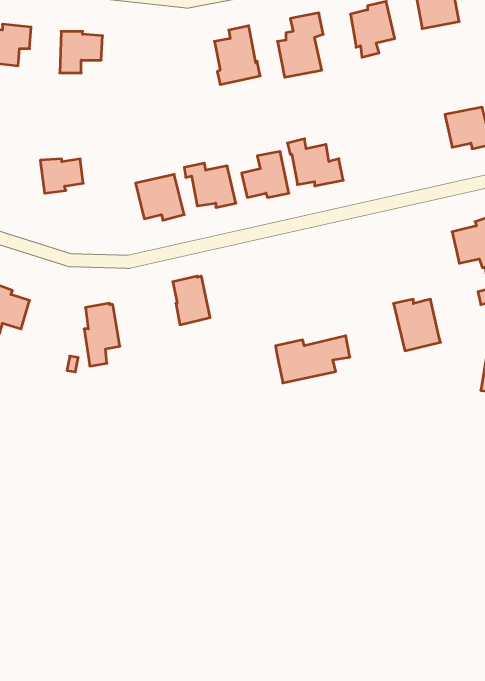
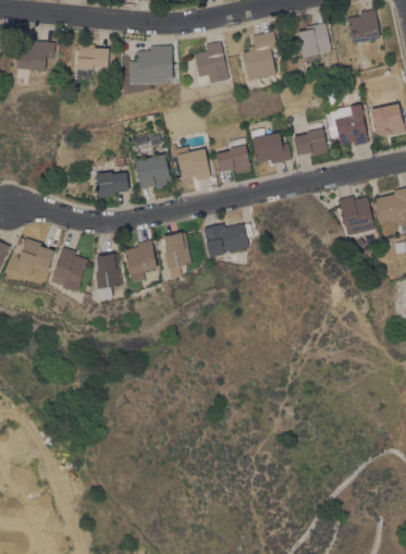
building: none -> [128,46,173,85]
building: none -> [327,104,368,145]
building: none -> [292,121,327,156]
building: [40,159,83,193] -> [95,172,127,198]
building: none -> [124,239,157,274]
building: none -> [51,247,87,292]
building: [393,299,441,351] -> [337,196,373,235]
building: [276,336,350,383] -> [202,220,259,256]

